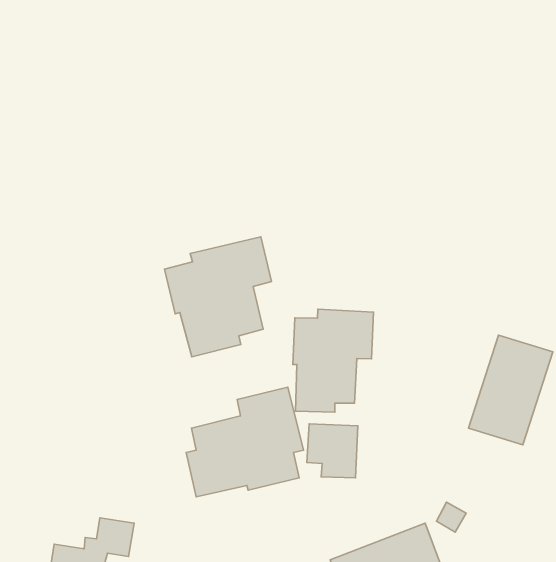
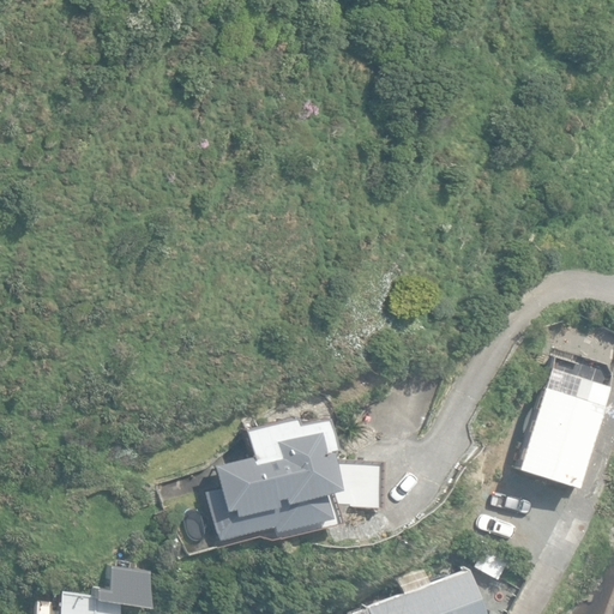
building: [164,237,272,357] -> none
building: [293,309,374,412] -> none

